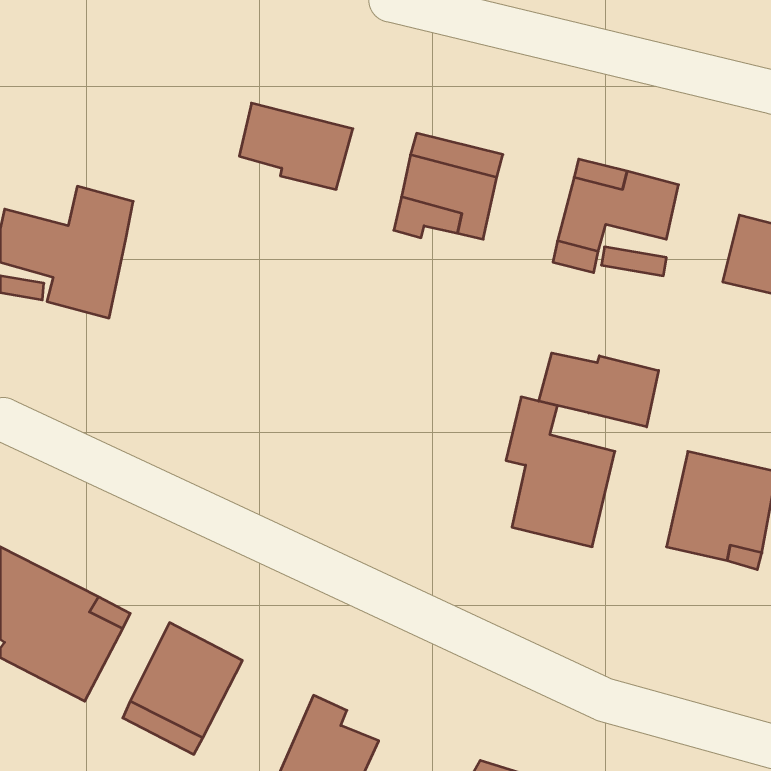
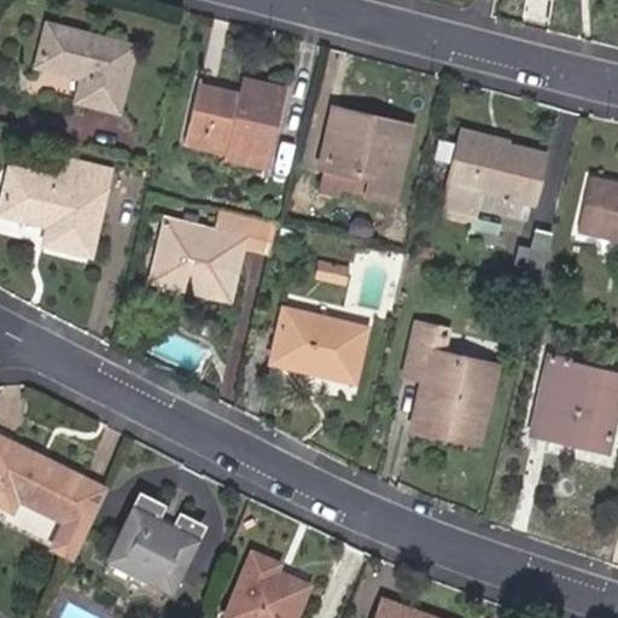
building: none -> [24,25,130,111]
building: none -> [240,70,288,105]
building: none -> [157,205,273,297]
building: [539,353,659,427] -> none
building: none -> [275,305,367,379]

